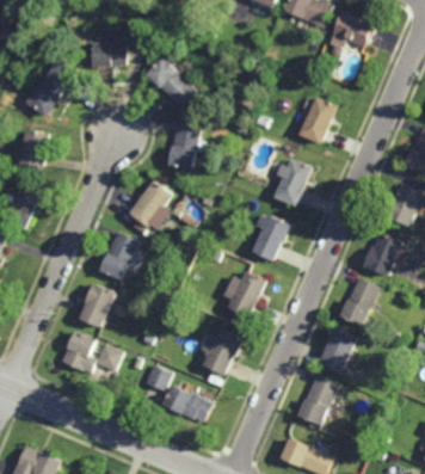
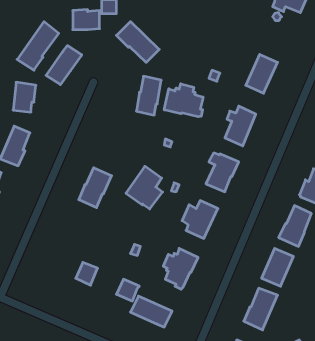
building: none -> [46,46,82,85]
building: none -> [164,84,203,117]
building: [128,180,172,232] -> [126,166,163,209]
building: [78,283,113,327] -> none
building: [60,331,94,374] -> none

